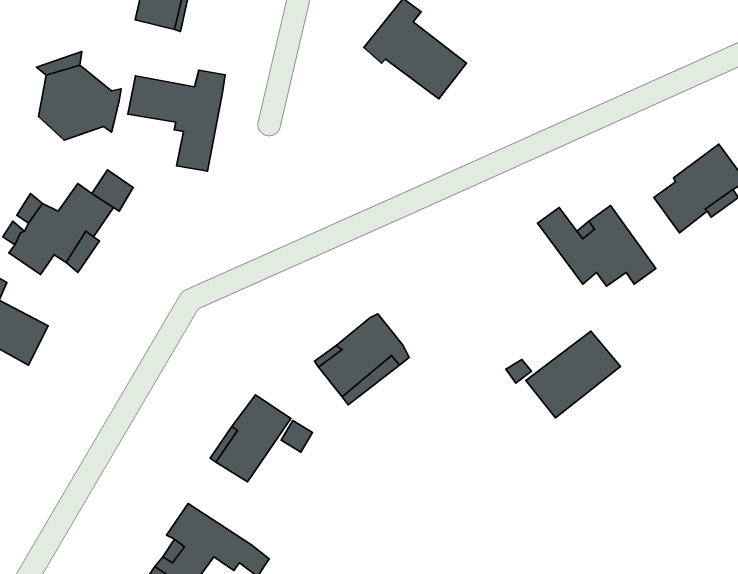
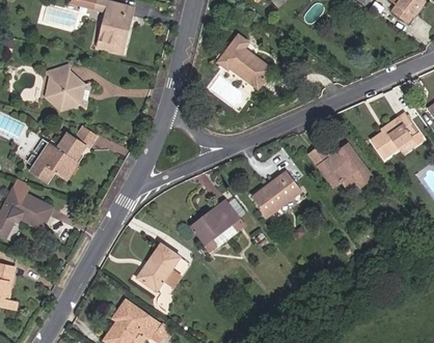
building: [128,70,225,171] -> none
building: [526,331,621,418] -> [251,171,301,217]

